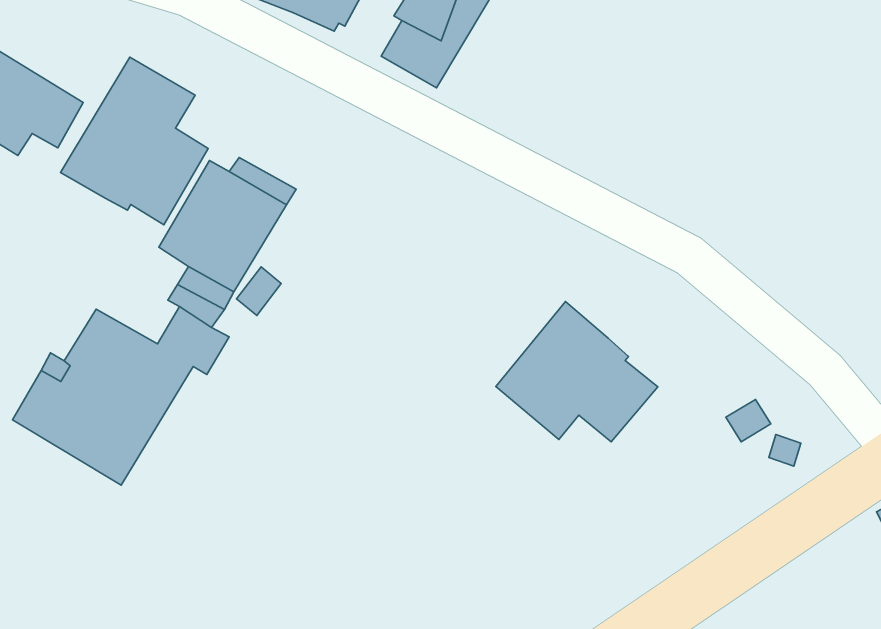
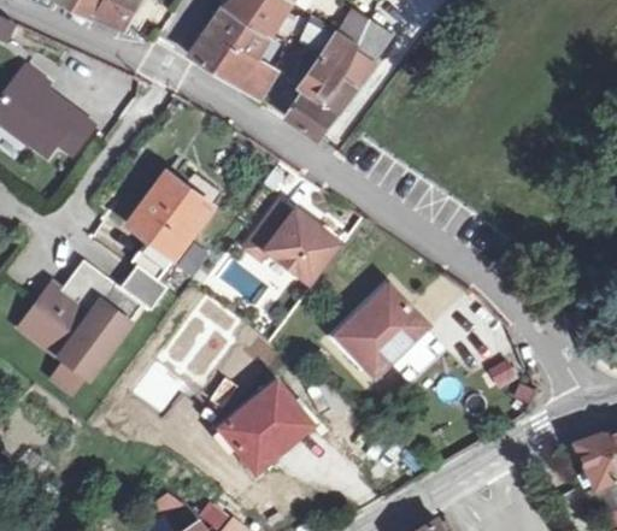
building: [60,57,208,225] -> none
building: none -> [246,203,342,284]
building: none -> [217,383,306,470]

